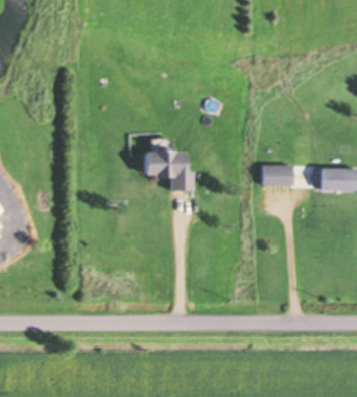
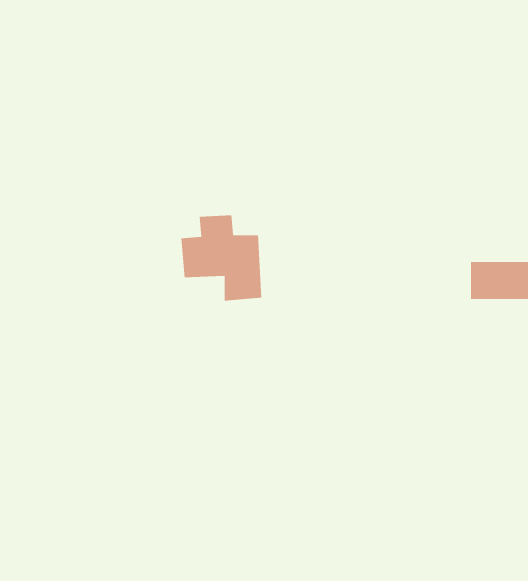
building: [262,165,295,185] -> none

